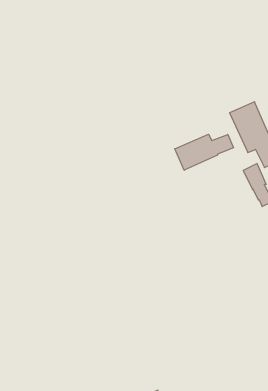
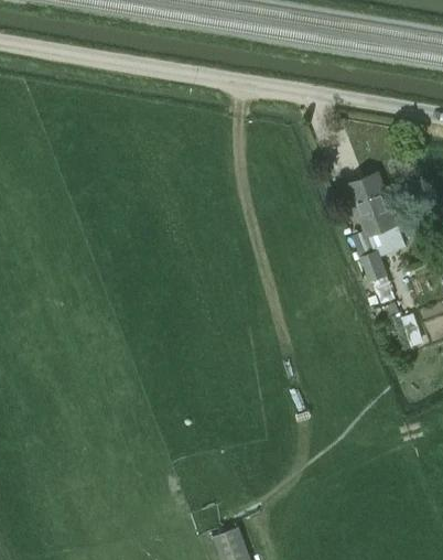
building: [175,134,233,170] -> none

